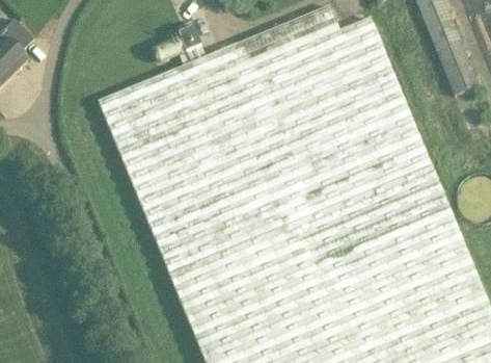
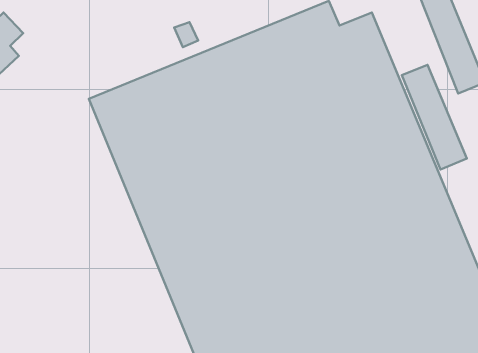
building: none -> [402,65,467,170]

